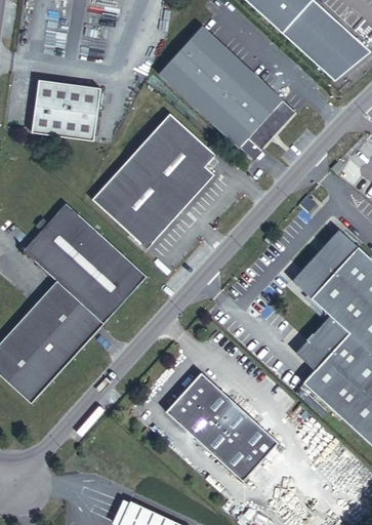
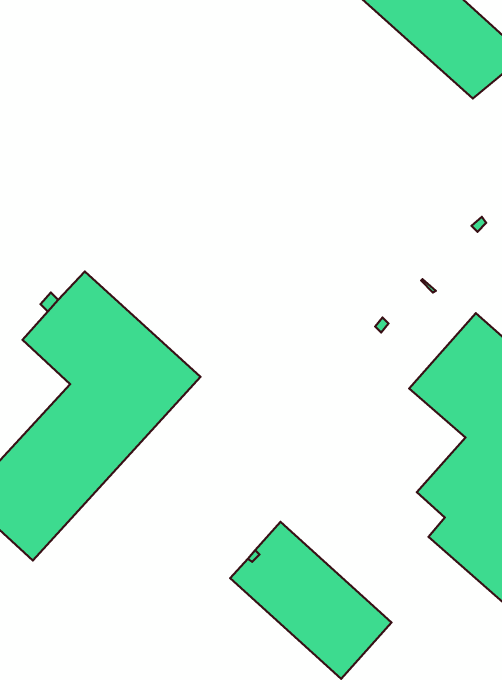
building: [159,26,295,149] -> none
building: [32,79,101,140] -> none
building: [91,112,215,247] -> none

